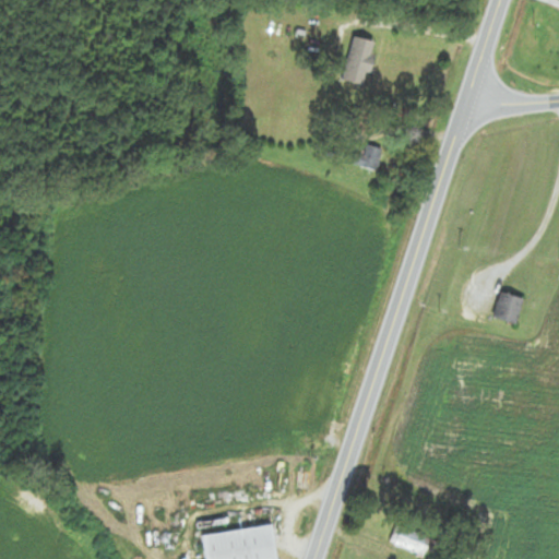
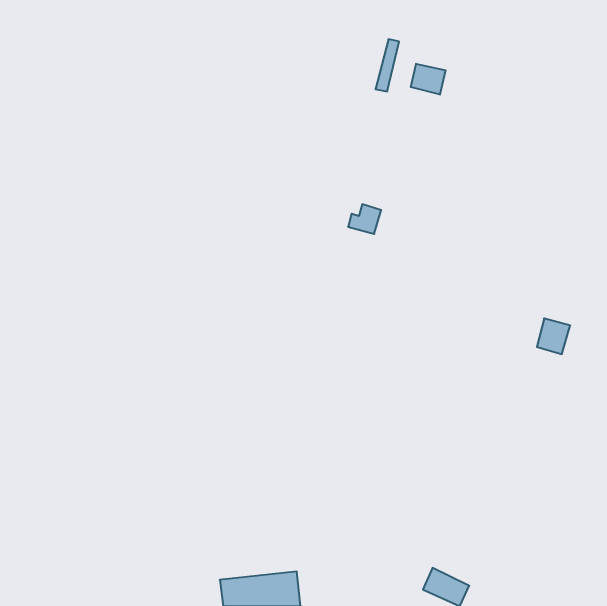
building: none -> [411,64,446,95]
building: [353,144,383,171] -> [348,204,381,234]

